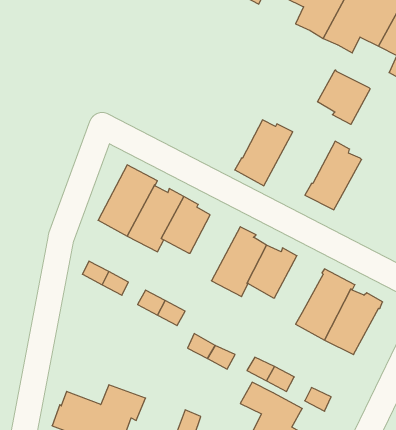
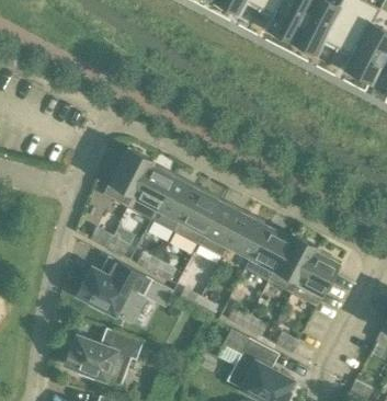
building: [318,70,370,124] -> none
building: [235,120,293,186] -> [173,188,221,243]
building: [305,141,362,210] -> [243,222,291,279]
building: none -> [76,266,173,321]

